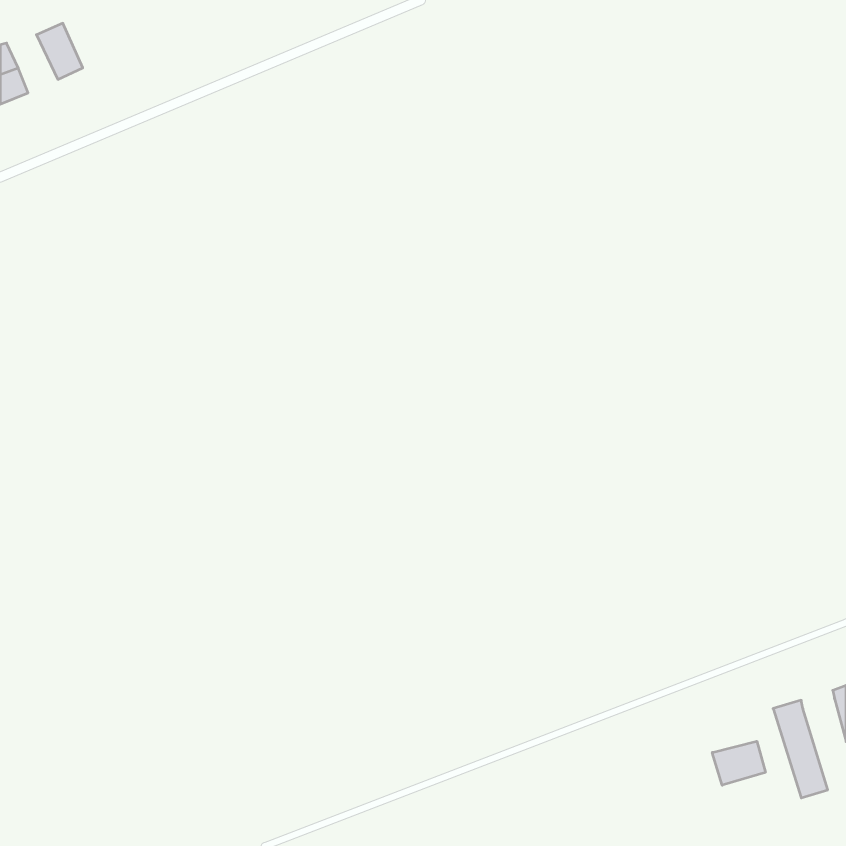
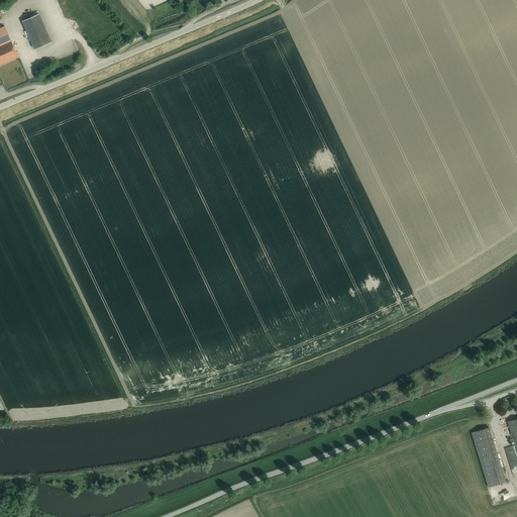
building: [712,741,765,785] -> none

